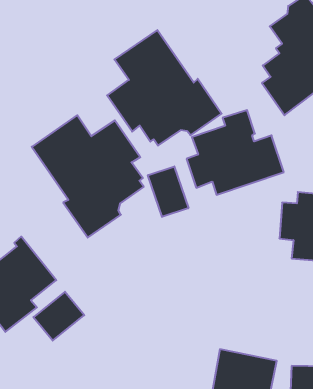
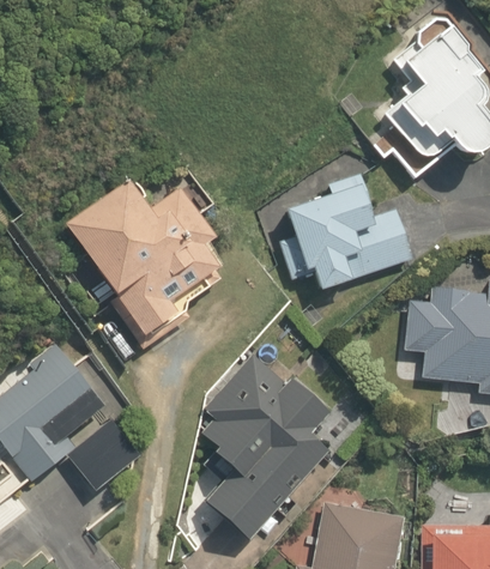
building: [107,30,222,146] -> none
building: [148,166,188,217] -> none
building: none -> [201,353,328,531]

